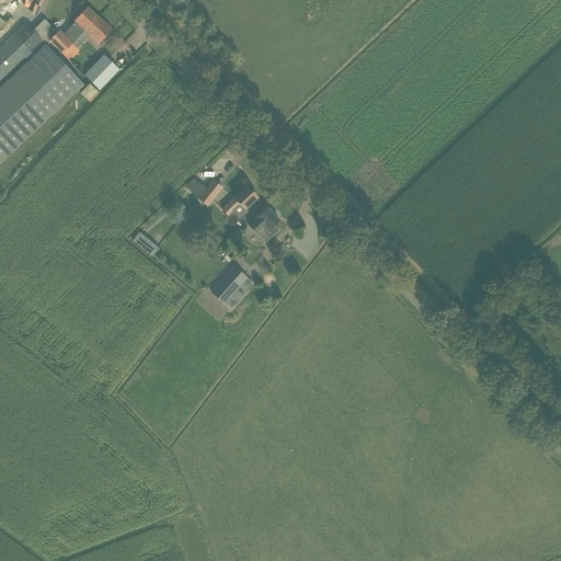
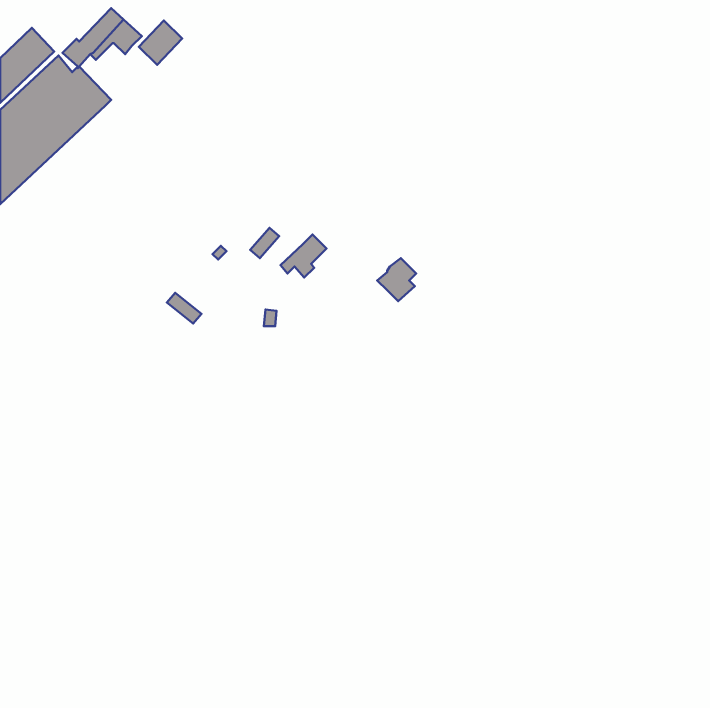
building: [84,54,118,89] -> [139,21,182,65]
building: [249,207,279,241] -> [377,258,416,301]
building: [210,264,253,307] -> none

